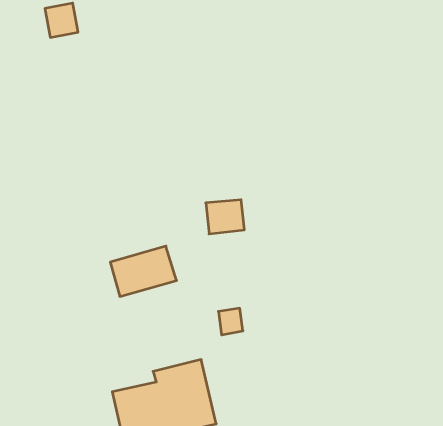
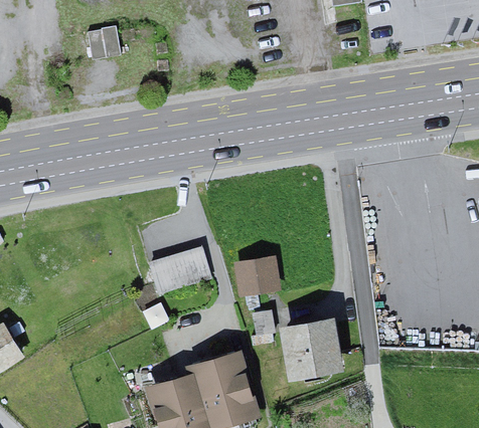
building: [206,200,244,234] -> [236,258,273,290]
building: none -> [281,320,339,378]

